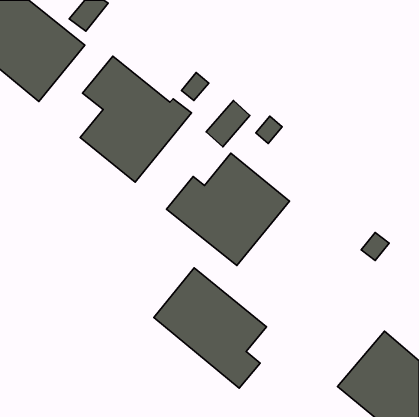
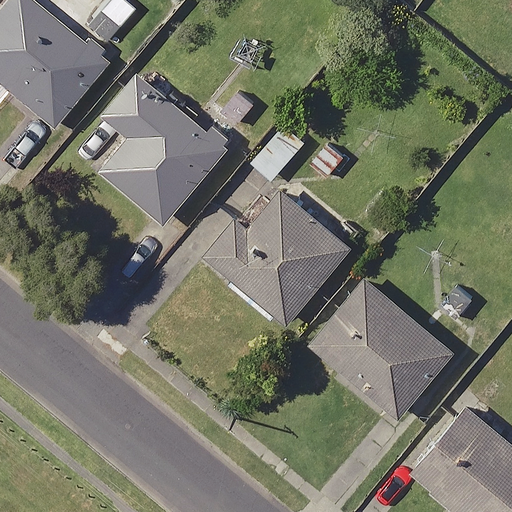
building: none -> [308,278,455,421]
building: [154,268,266,388] -> none

